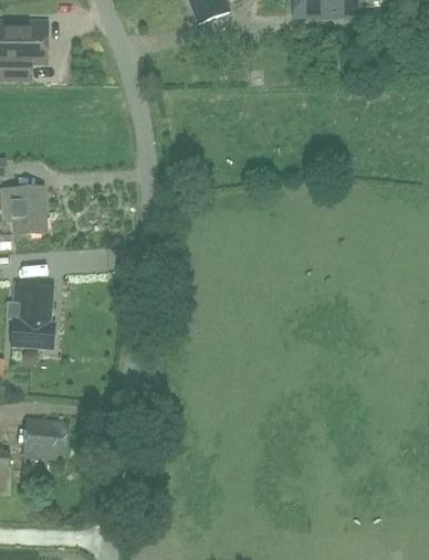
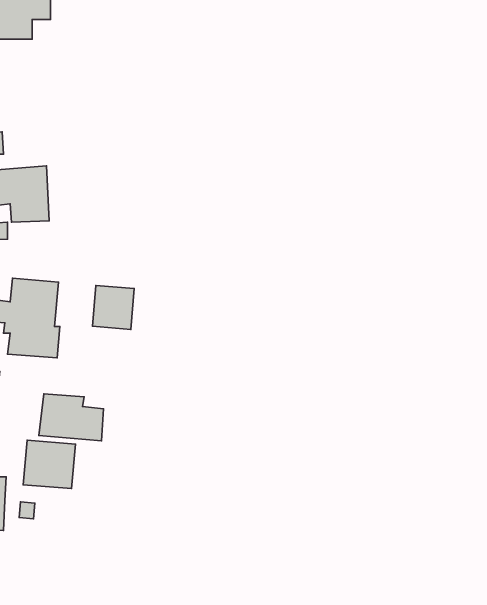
building: none -> [93,285,134,329]
building: none -> [39,394,103,441]

